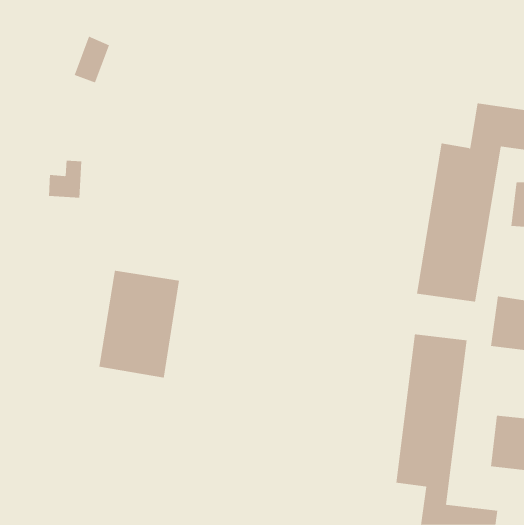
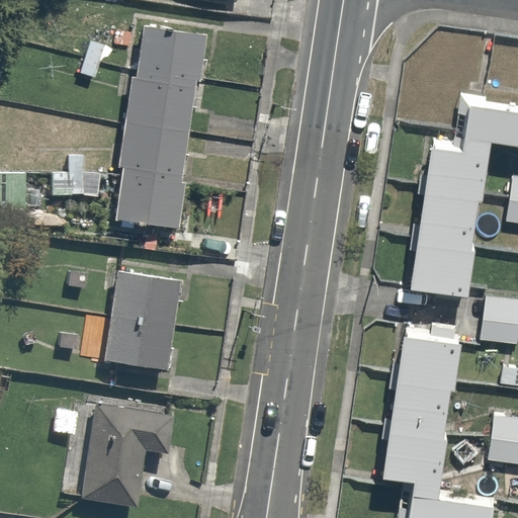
building: none -> [113,24,200,231]
building: none -> [78,410,173,508]

